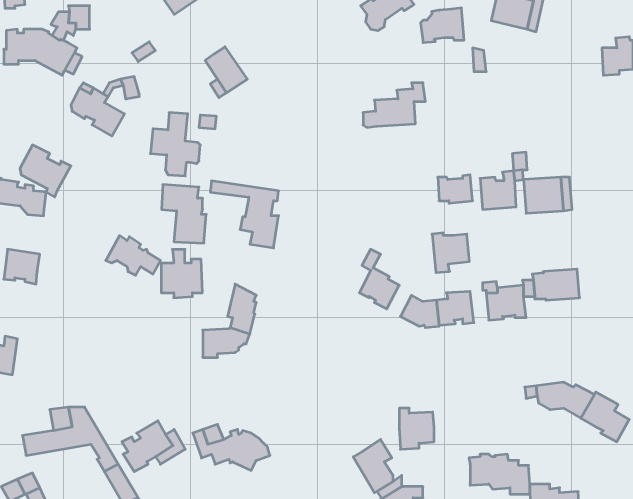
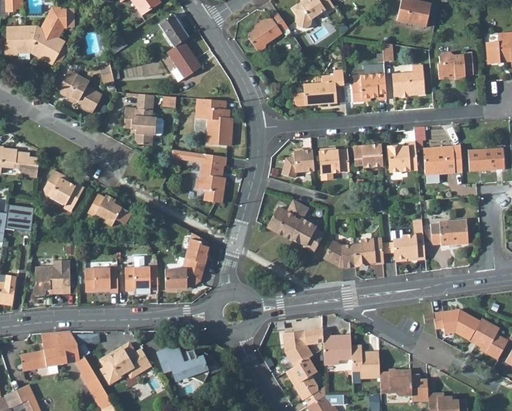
building: [421,8,464,43] -> [351,73,386,101]
building: none -> [248,12,288,51]
building: none -> [158,14,188,47]
building: none -> [437,52,473,80]
building: none -> [392,65,424,97]
building: [20,145,71,197] -> [43,170,84,212]
building: none -> [468,147,504,171]
building: none -> [282,150,313,178]
building: [162,185,206,243] -> [196,98,232,145]
building: [432,233,469,273] -> [319,148,349,180]
building: none -> [268,200,300,240]
building: [161,249,202,298] -> [125,256,158,295]
building: none -> [33,260,70,295]
building: none -> [85,264,118,292]
building: none -> [282,328,323,367]
building: none -> [351,347,380,382]

